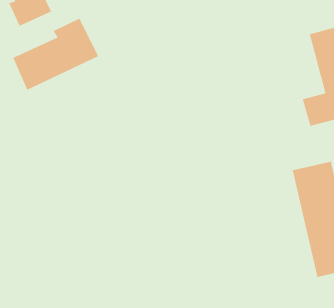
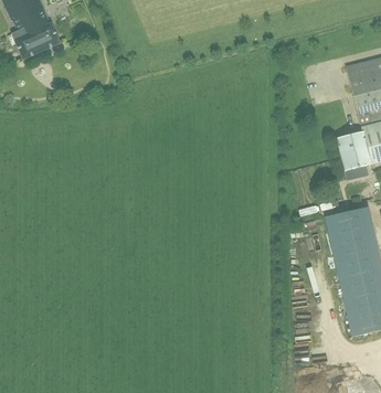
building: [12,17,99,91] -> none

